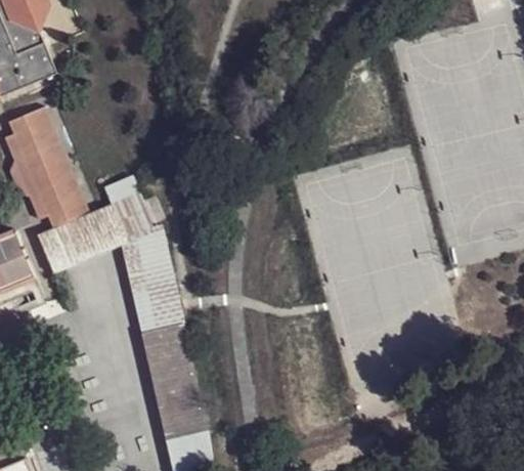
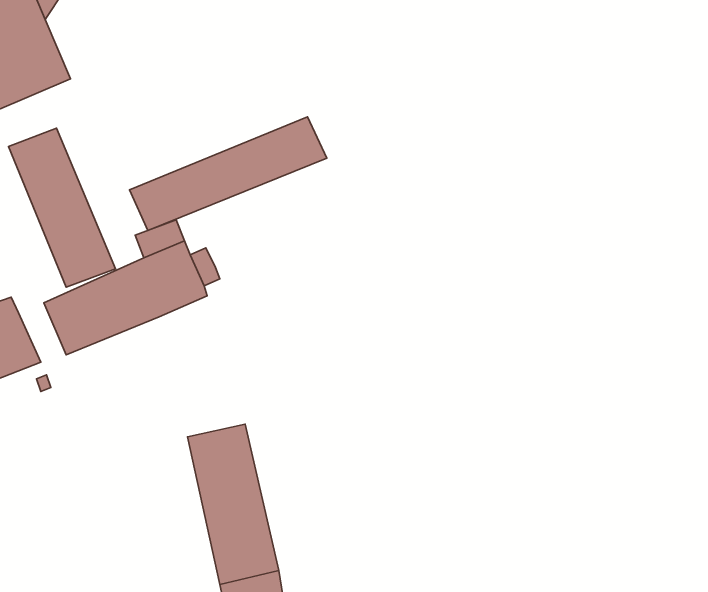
building: none -> [130,117,327,230]
building: [120,225,182,331] -> none

